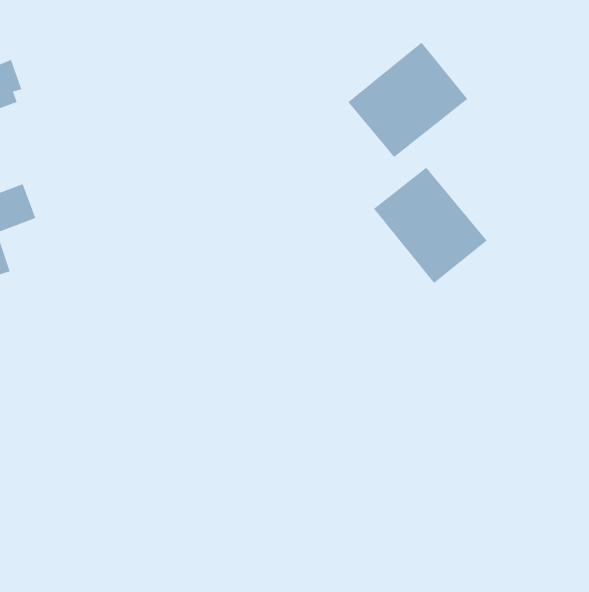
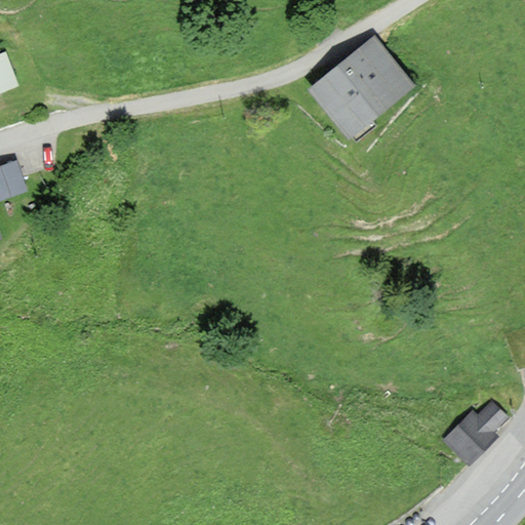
building: [373,167,487,284] -> none
building: none -> [440,400,502,462]

